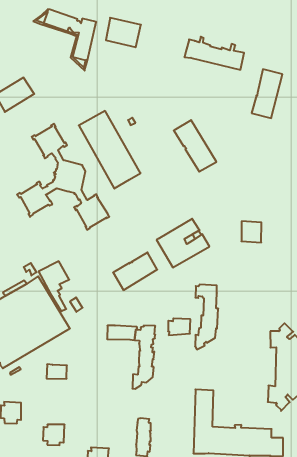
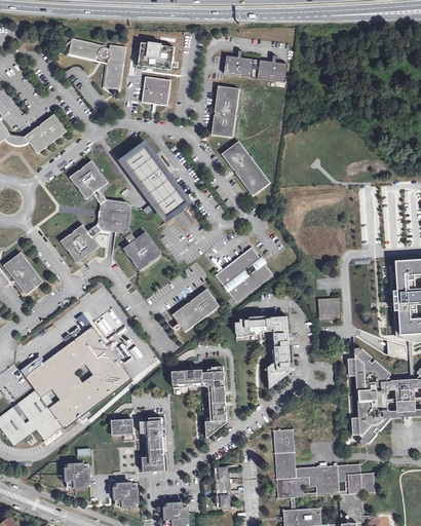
building: none -> [142,76,170,105]
building: [252,69,282,118] -> [210,85,239,137]
building: [241,221,261,242] -> [317,297,341,320]
building: [168,318,190,335] -> [234,317,259,337]
building: none -> [140,416,164,472]

